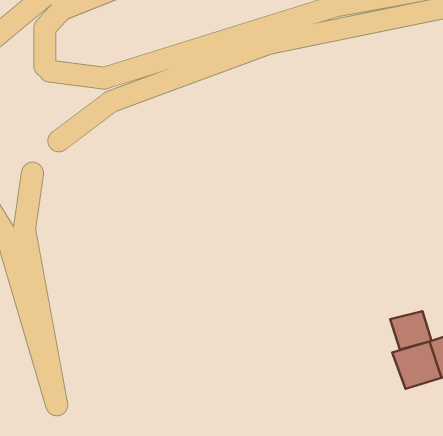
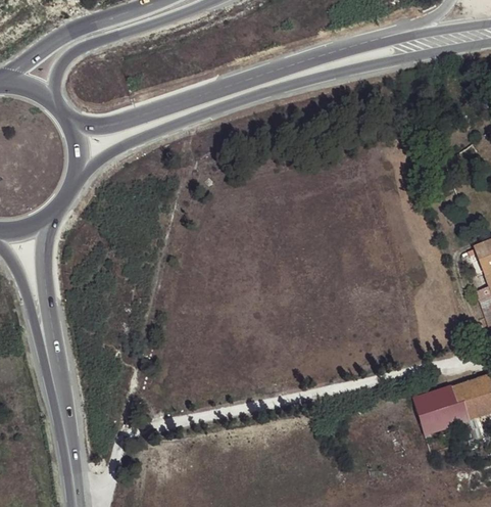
building: [390,311,432,350] -> none

